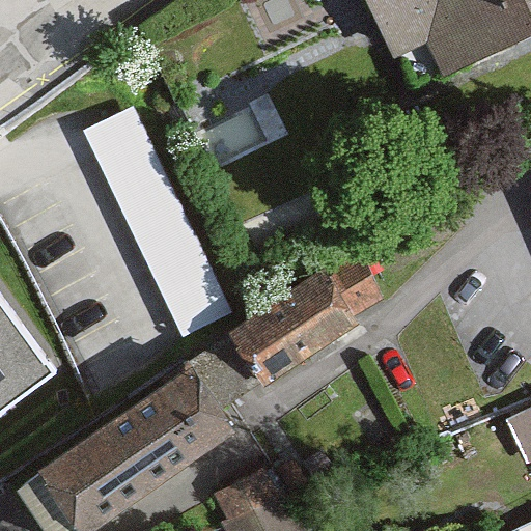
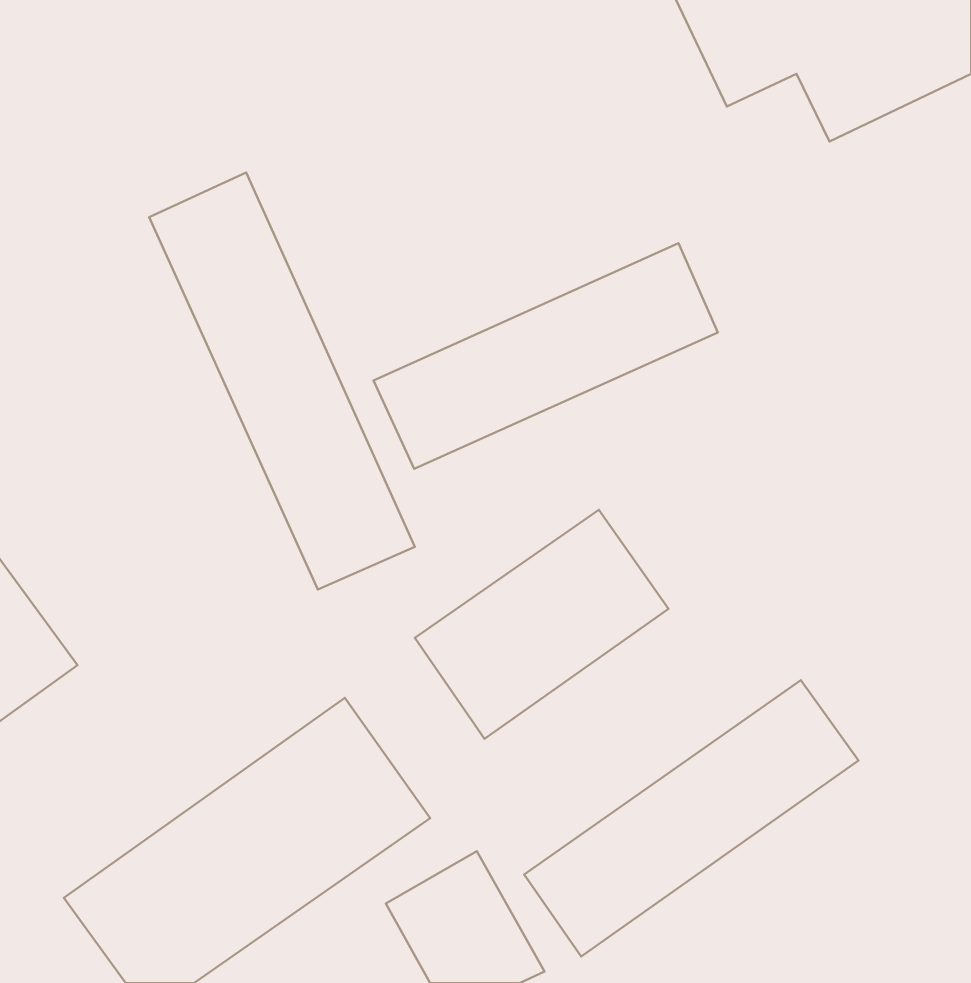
building: none -> [373,243,718,469]
building: none -> [524,680,859,956]

